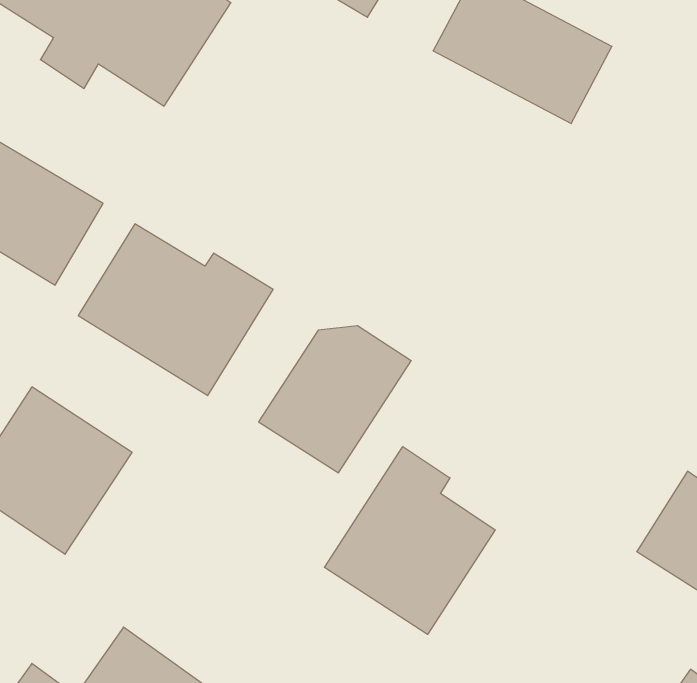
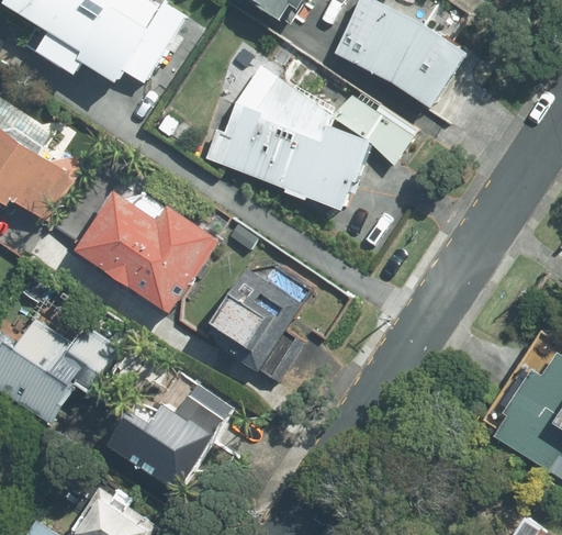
building: none -> [206,74,427,210]
building: [324,447,495,634] -> none
building: none -> [98,377,234,499]

